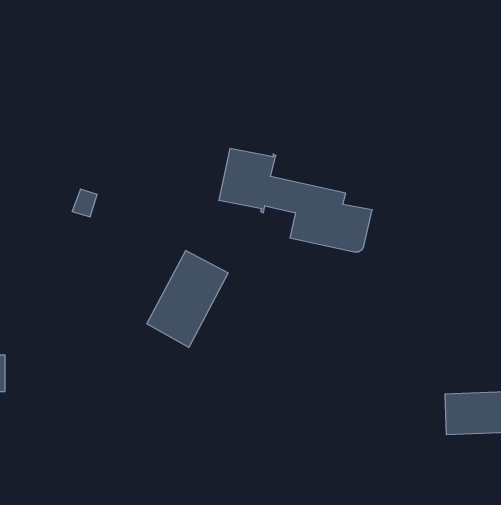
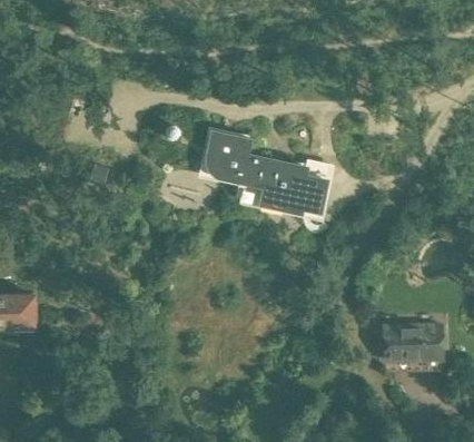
building: [147,251,228,348] -> none

